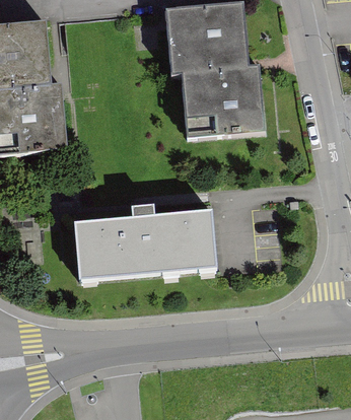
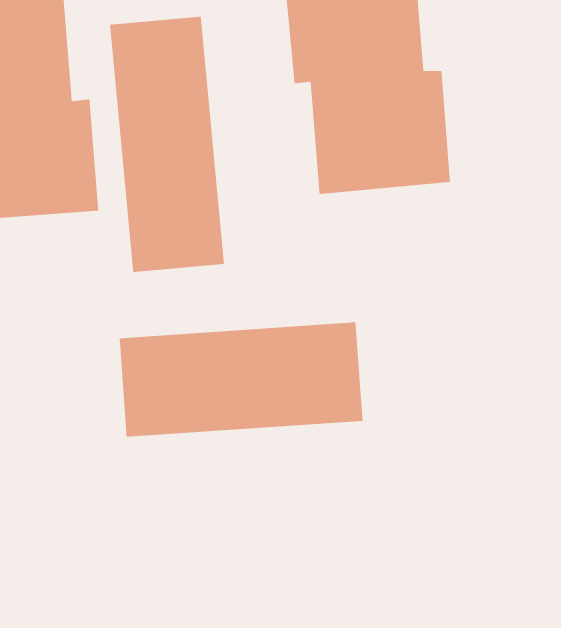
building: none -> [109,16,225,273]

